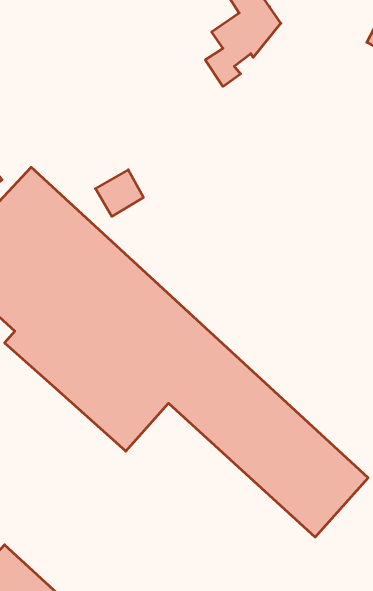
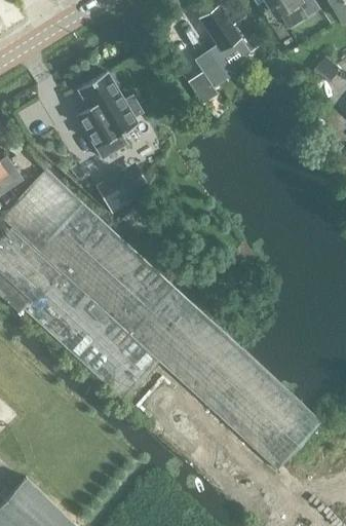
building: none -> [75,71,141,157]

